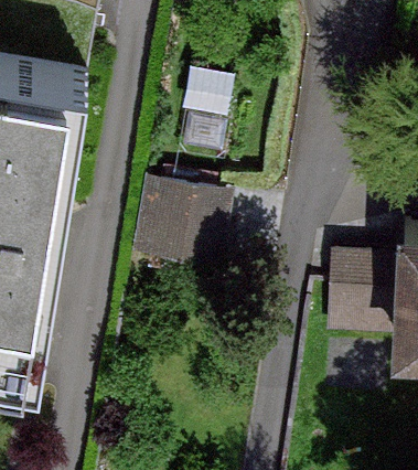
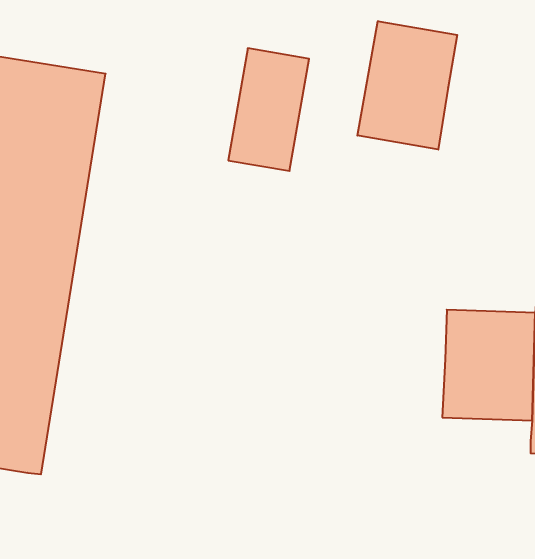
building: none -> [357,21,457,150]
building: [136,175,232,259] -> none

